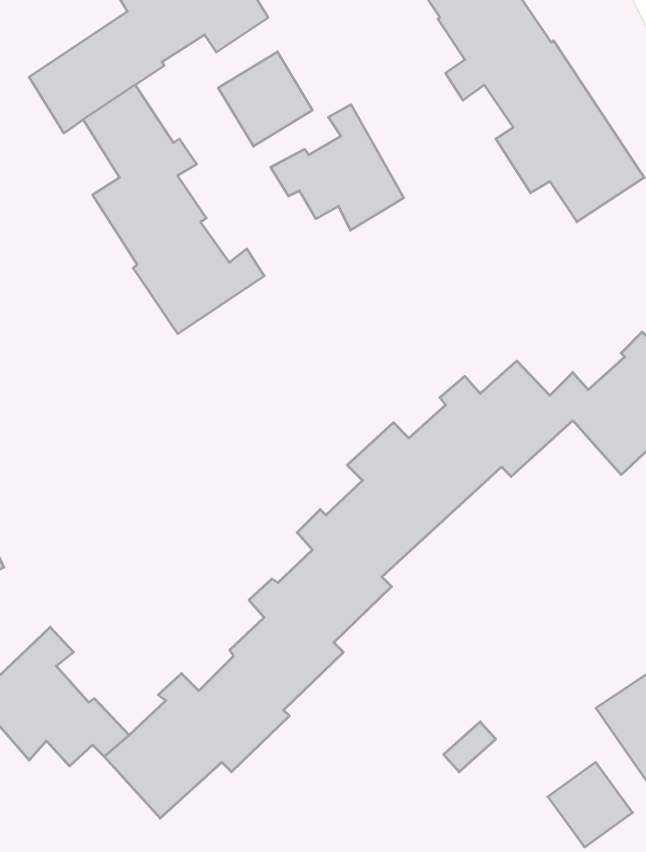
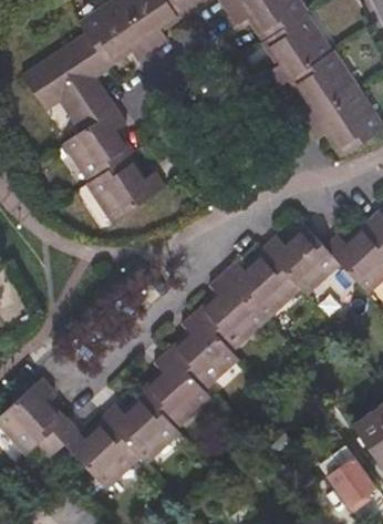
building: [218,52,312,146] -> none
building: [271,105,404,230] -> none

